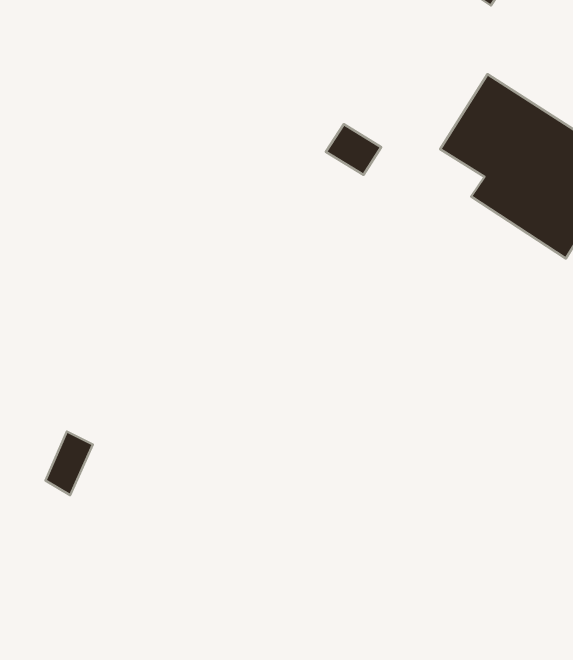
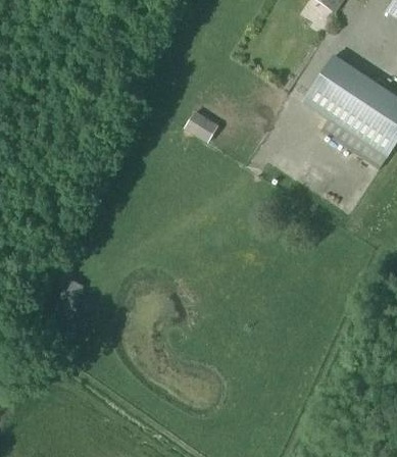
building: [326,124,381,175] -> [186,110,220,142]

